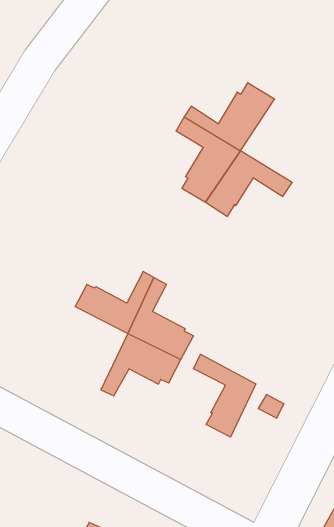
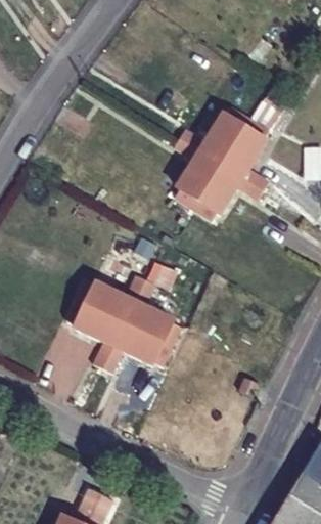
building: none -> [222,119,273,191]
building: none -> [66,300,124,373]
building: [193,354,256,437] -> none

